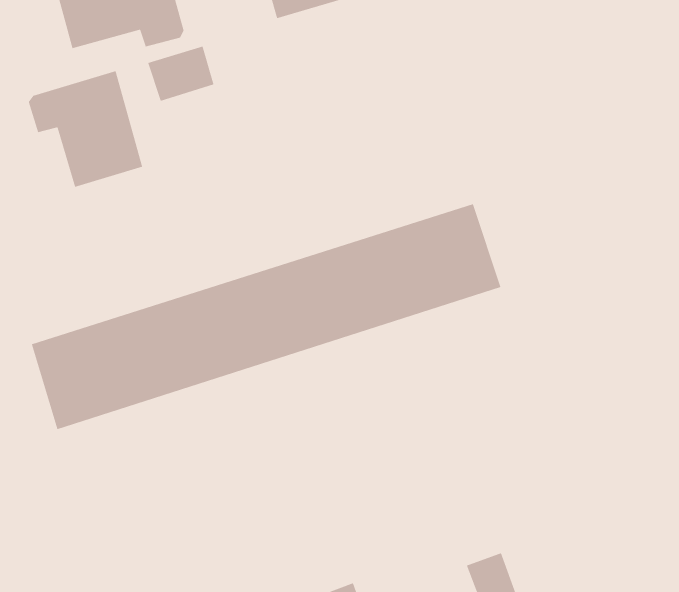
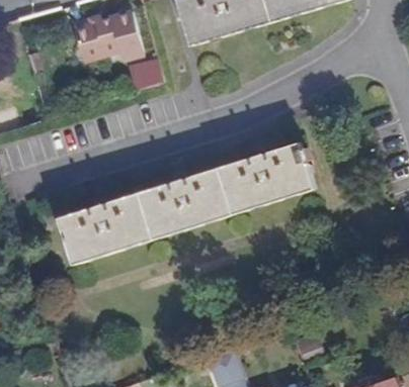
building: [28,70,143,188] -> none

